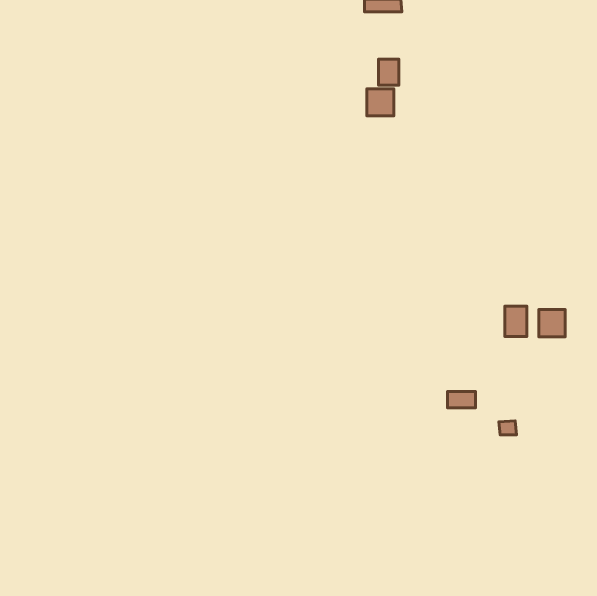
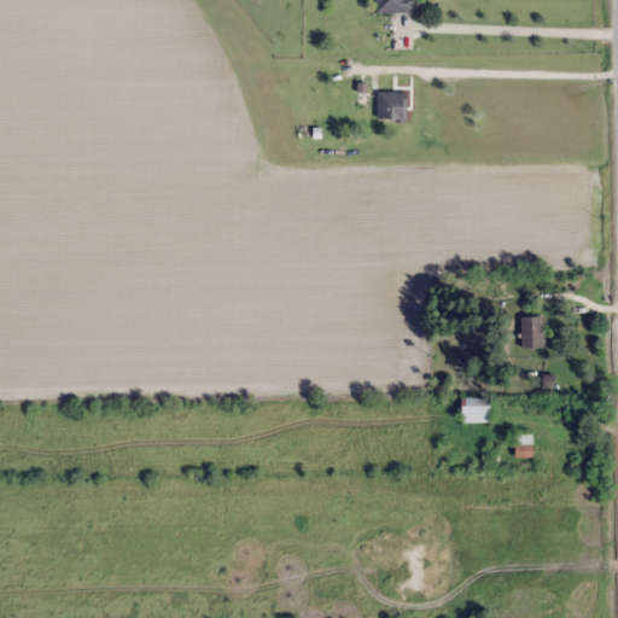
building: [379,59,399,85] -> none
building: [539,310,565,337] -> none

